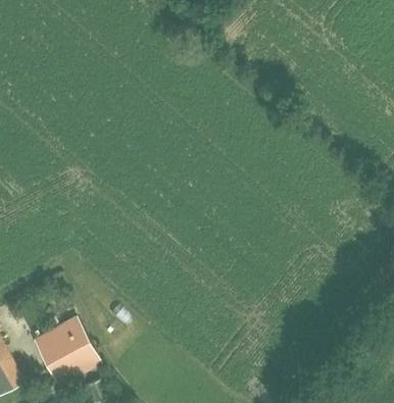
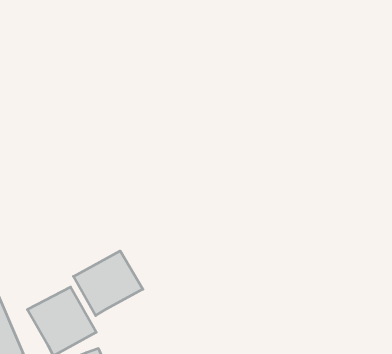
building: none -> [73,251,143,316]

